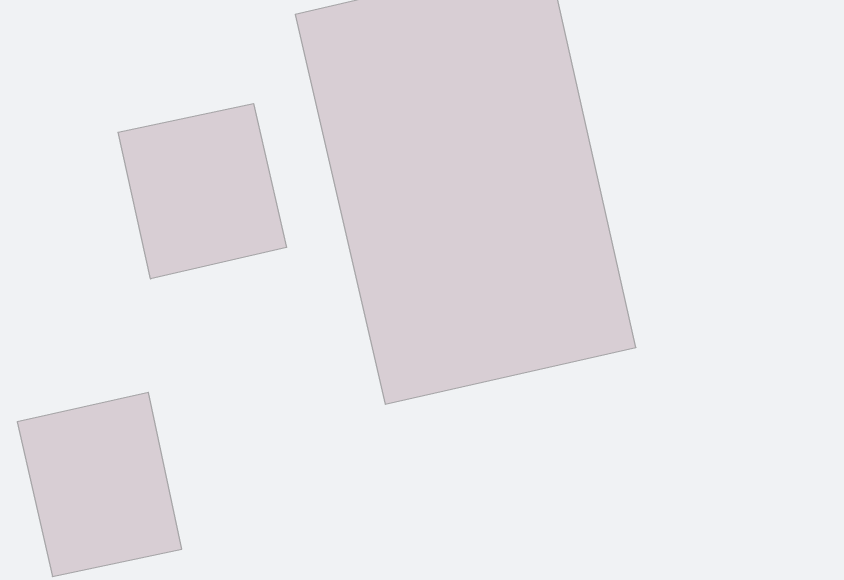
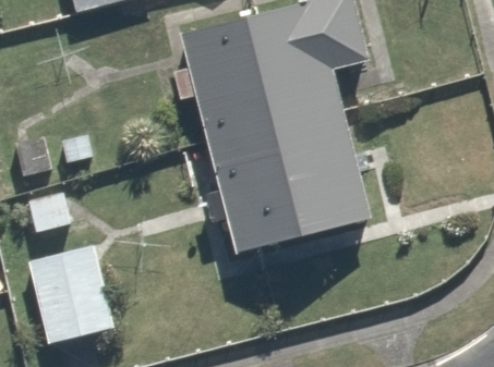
building: [118,104,287,279] -> none

